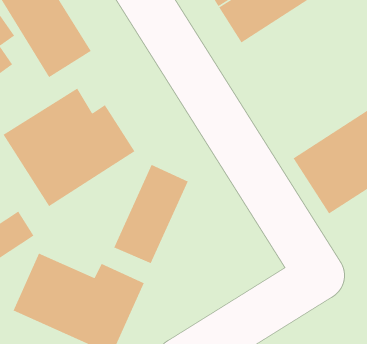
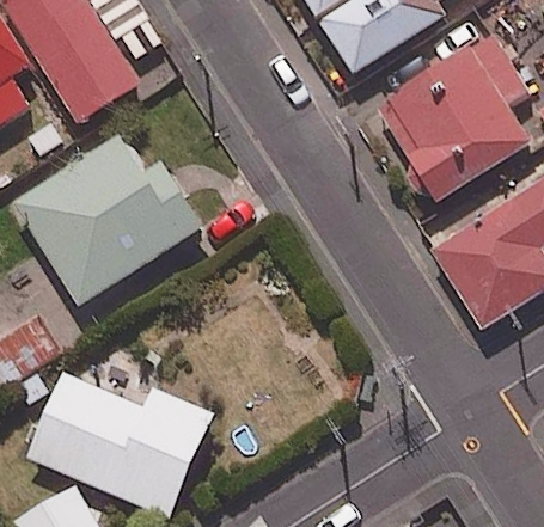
building: none -> [365,26,521,196]
building: [113,164,189,264] -> none

